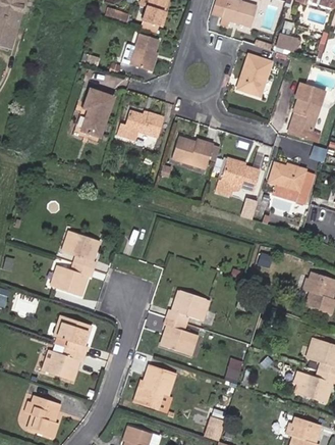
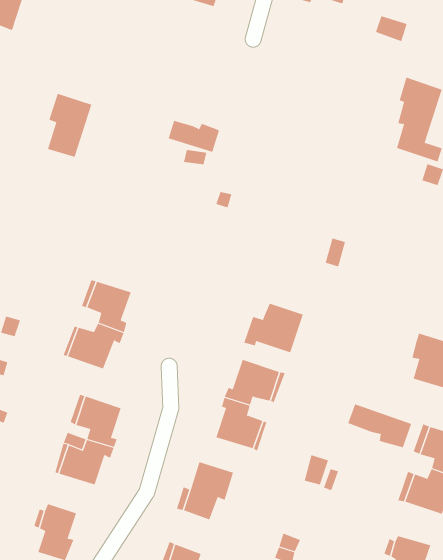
building: [131,38,159,73] -> none
building: [238,57,271,94] -> none
building: [79,93,112,140] -> [47,93,92,158]
building: [172,137,214,168] -> none
building: [267,163,313,206] -> none
building: [215,165,258,195] -> none
building: none -> [243,303,303,353]
building: none -> [347,403,412,448]

